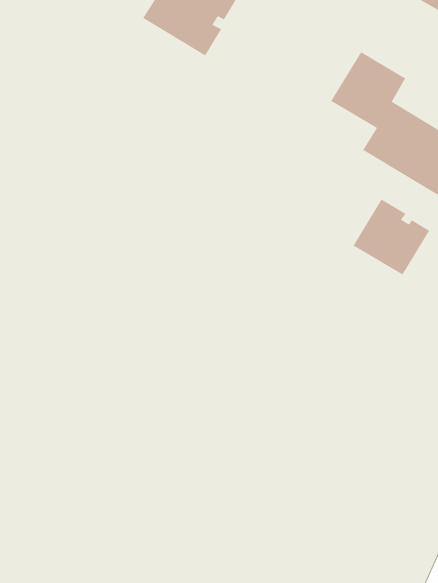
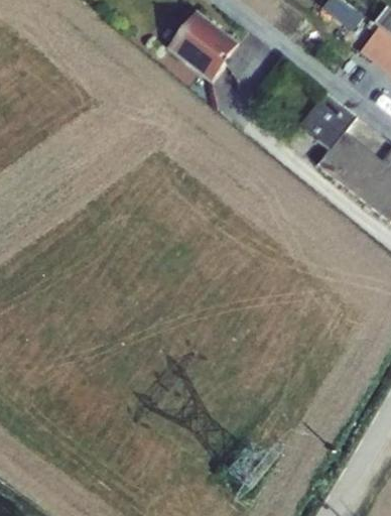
building: [353,198,430,275] -> none

